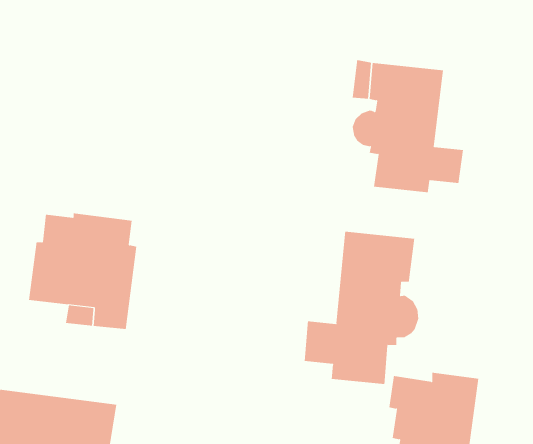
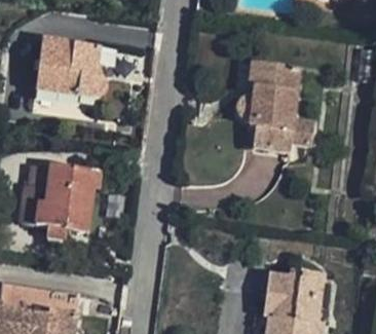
building: none -> [37,39,107,98]
building: [304,231,419,385] -> none

